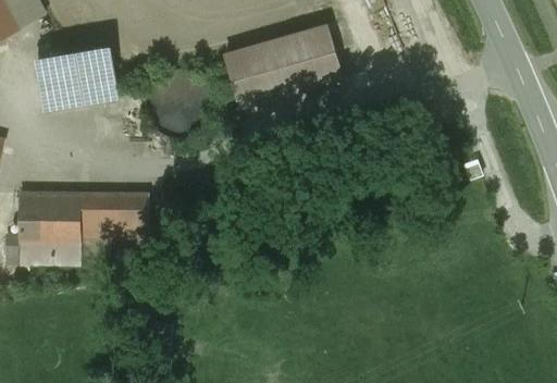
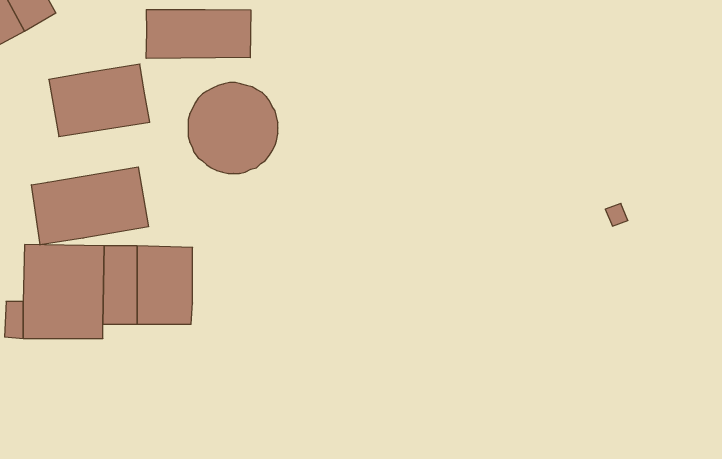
building: none -> [146,10,251,58]
building: [224,25,341,106] -> none
building: none -> [31,167,148,245]

